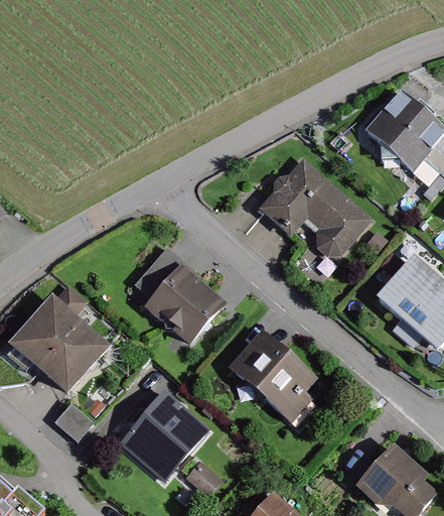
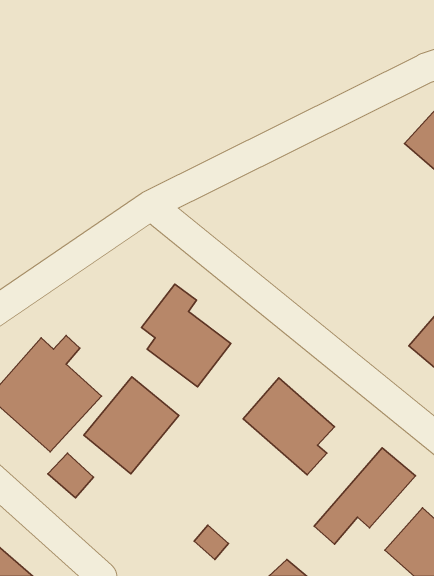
building: [264,160,371,257] -> none
building: [124,394,207,480] -> [84,377,179,474]
building: none -> [314,448,416,544]

